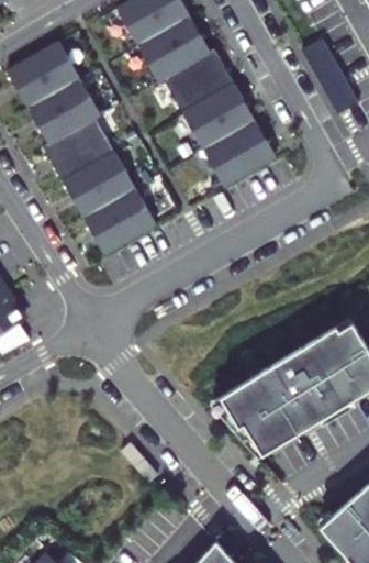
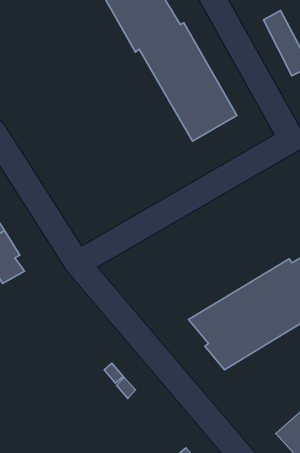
building: [7,43,156,255] -> none

